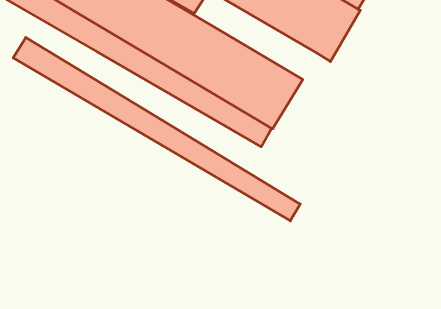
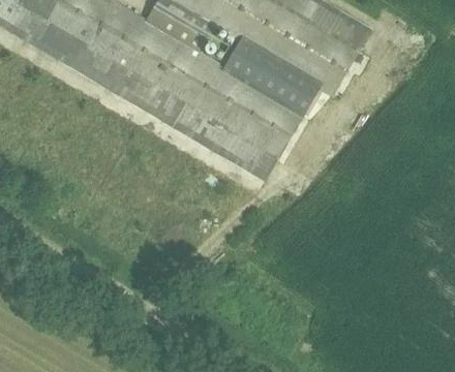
building: none -> [222,41,317,114]
building: [13,37,300,221] -> none

